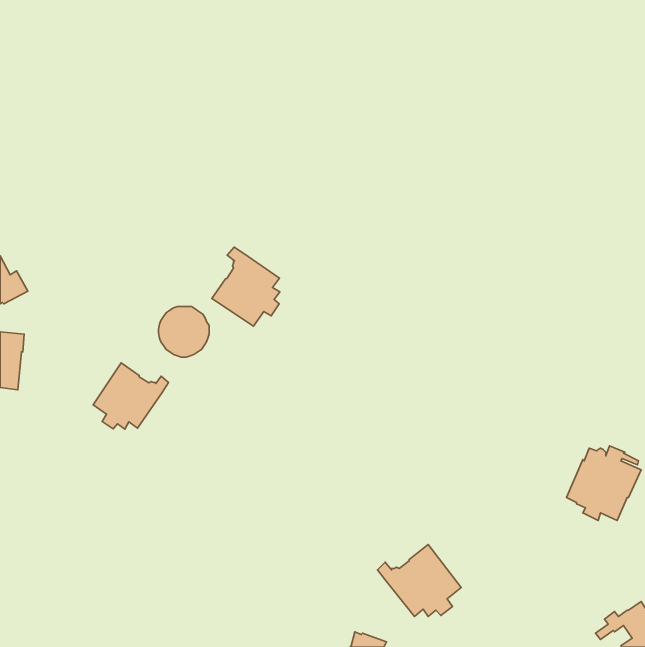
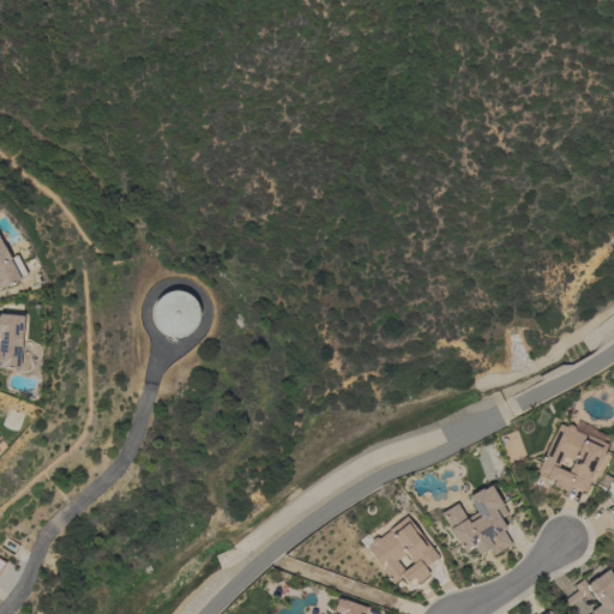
building: [212,247,280,326] -> none
building: [93,363,169,429] -> none
building: none -> [441,486,512,555]

